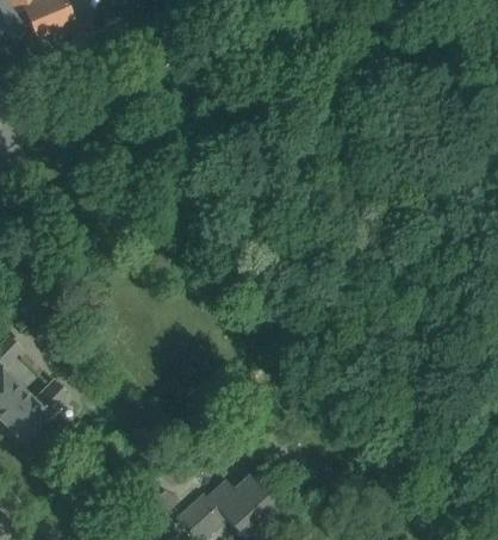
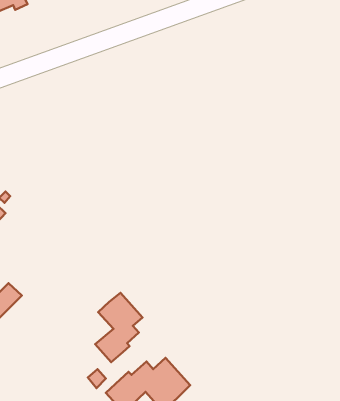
building: none -> [95,293,143,362]

